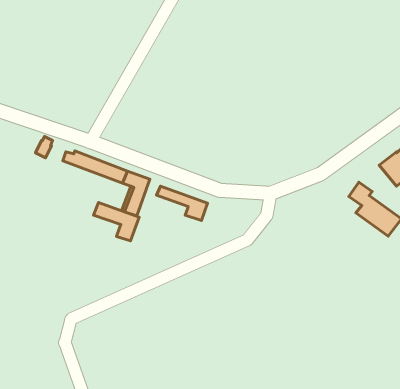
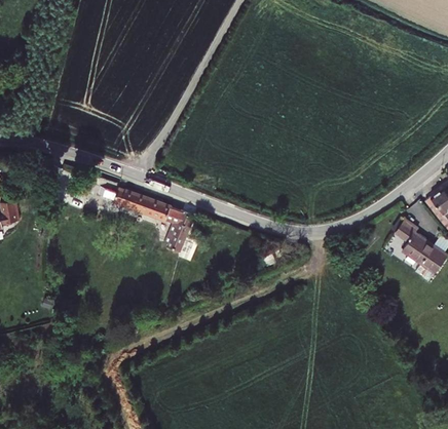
building: [157,186,208,220] -> none
building: [94,202,139,241] -> none

